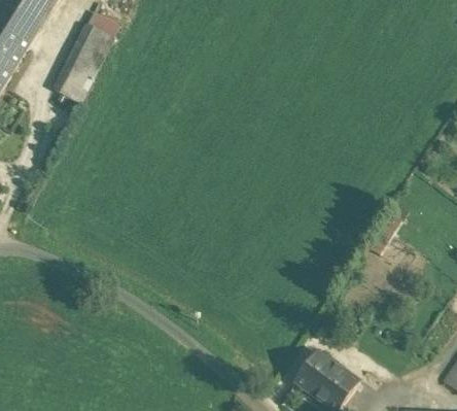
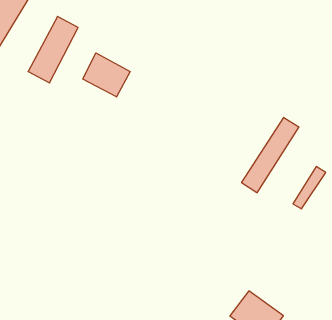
building: none -> [83,53,130,97]
building: none -> [242,117,299,193]

